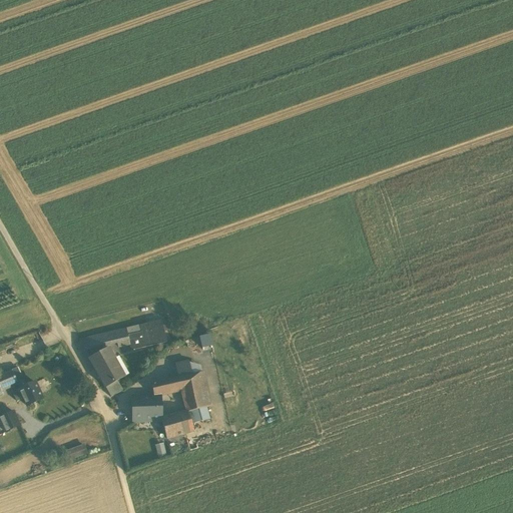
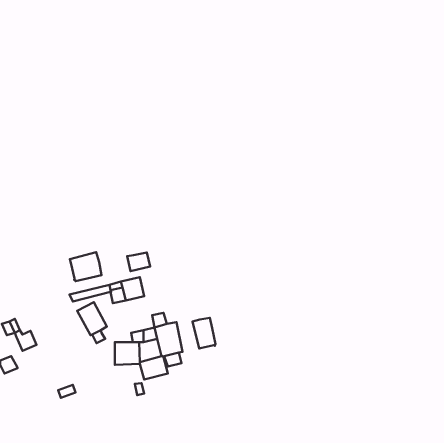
building: none -> [70,252,102,281]
building: none -> [127,252,150,271]
building: none -> [192,318,216,349]

